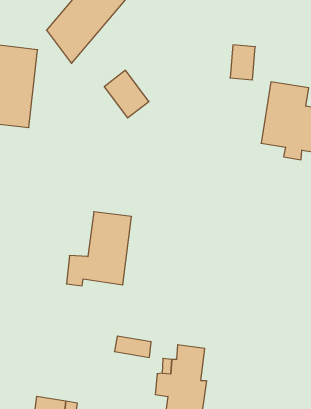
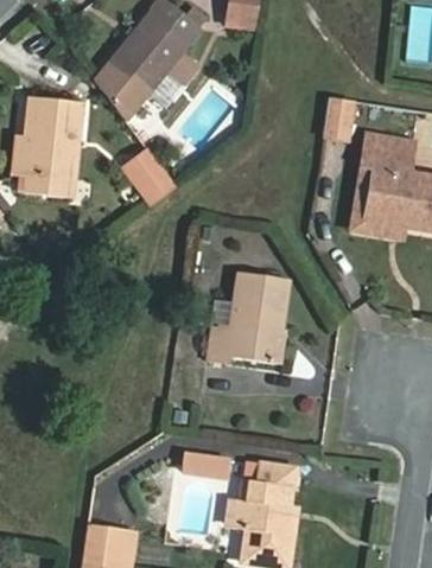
building: [104,70,149,118] -> [121,146,176,204]
building: [66,212,132,286] -> [205,273,285,363]

